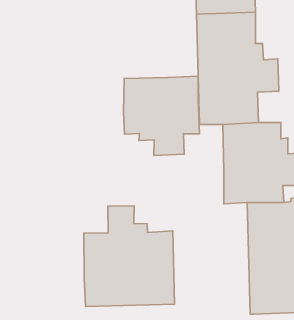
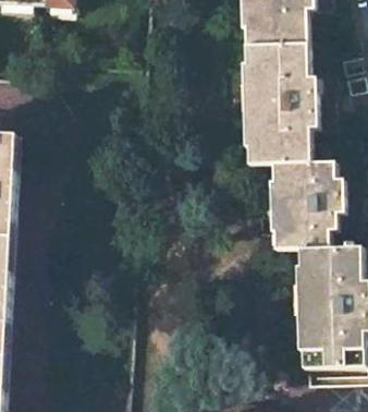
building: [124,76,200,155] -> none
building: [84,206,174,306] -> none

